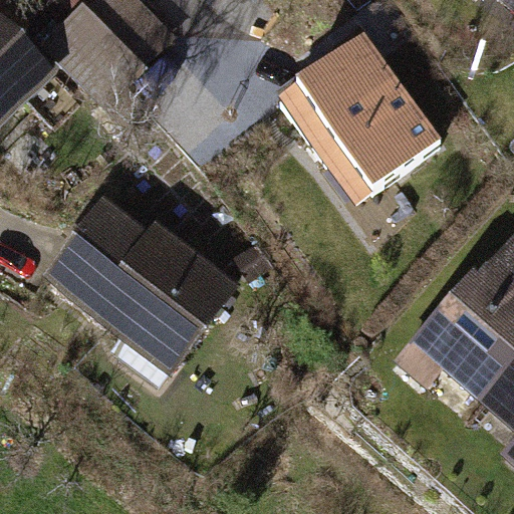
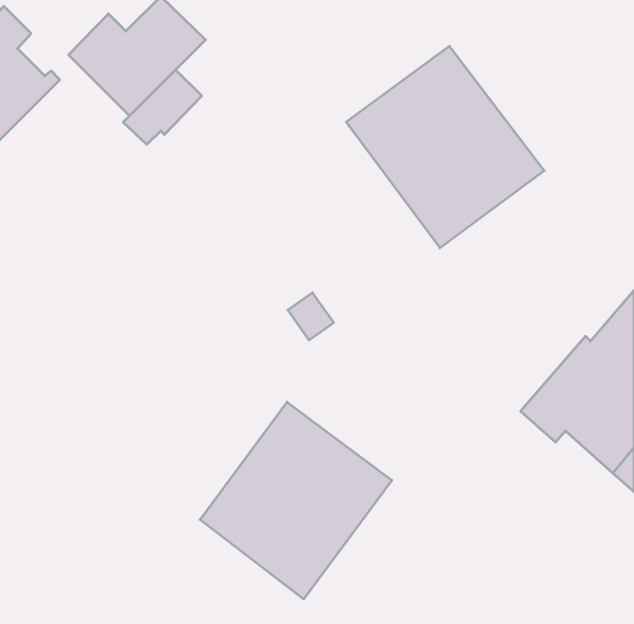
building: [49,202,231,380] -> none
building: none -> [200,402,392,599]

